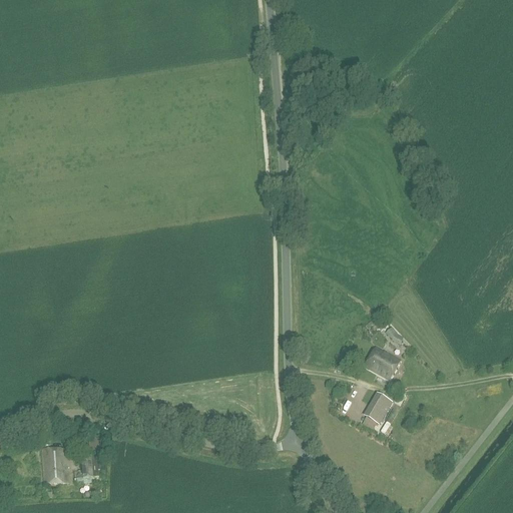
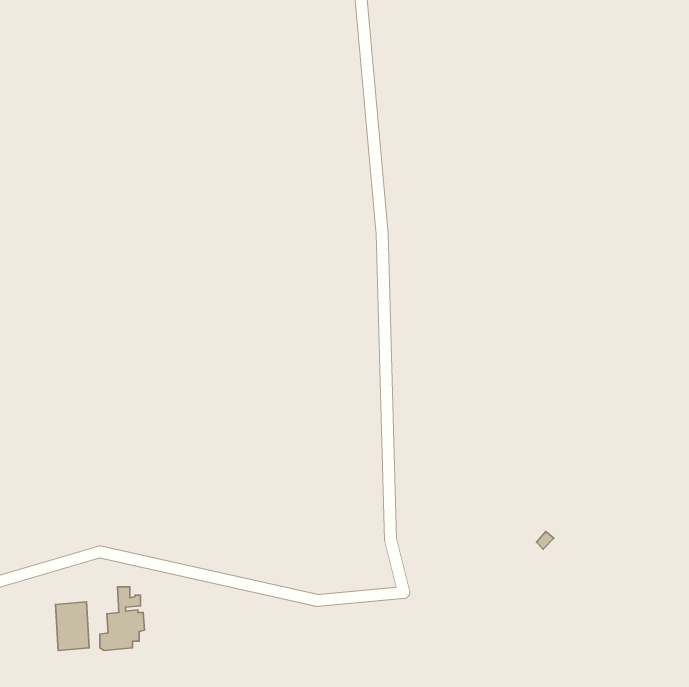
building: [365,346,399,379] -> none
building: [364,393,391,423] -> none

